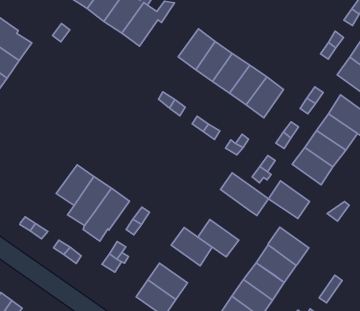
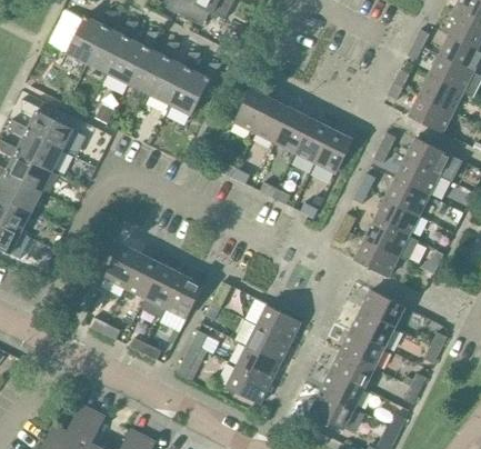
building: none -> [103,243,141,288]
building: [221,173,269,216] -> [363,219,417,261]
building: [198,219,239,257] -> [245,326,290,363]

